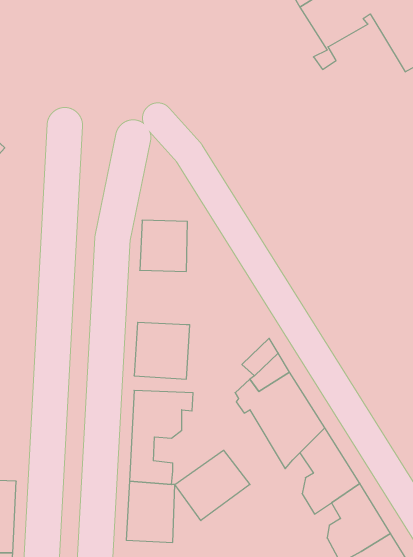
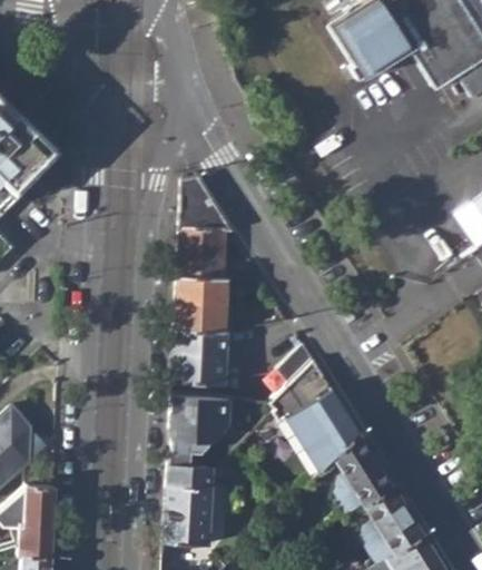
building: none -> [180,177,234,232]
building: none -> [176,278,227,332]
building: [175,450,250,521] -> none

